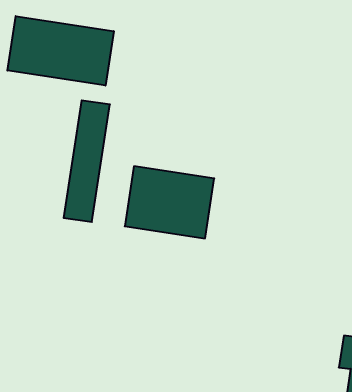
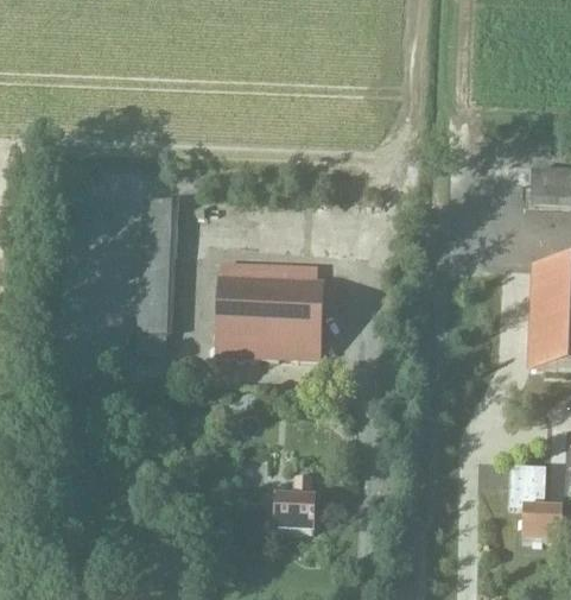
building: [7,16,114,86] -> none
building: none -> [274,473,315,528]

